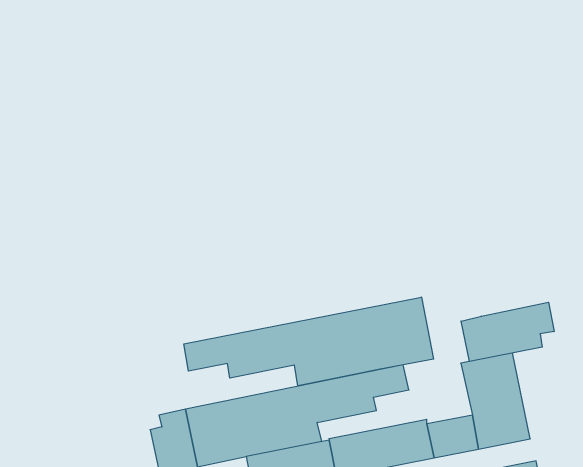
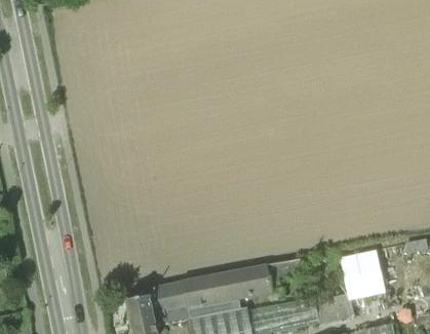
building: [184,297,434,386] -> none
building: [461,302,554,361] -> none

